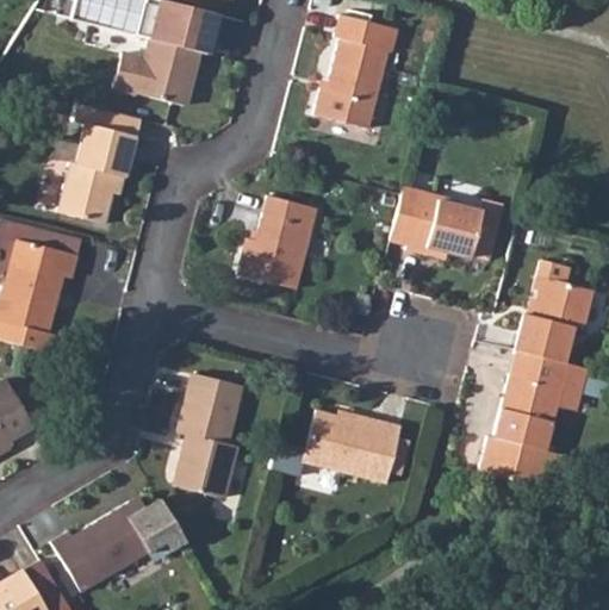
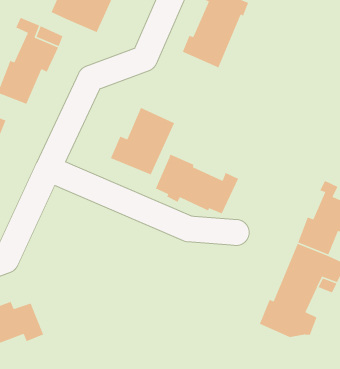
building: [387,183,504,257] -> [155,153,239,215]
building: [173,374,241,499] -> none
building: [302,412,399,484] -> none

